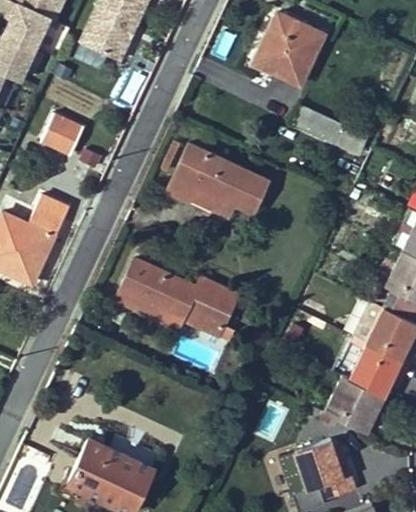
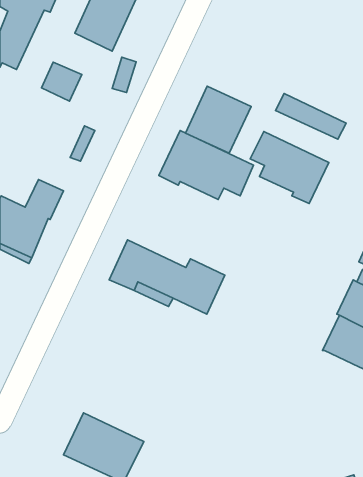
building: [255,14,324,84] -> [185,86,251,153]
building: [42,115,84,156] -> [42,62,82,101]
building: none -> [250,131,329,204]
building: [325,375,378,433] -> none
building: [295,440,358,501] -> none

